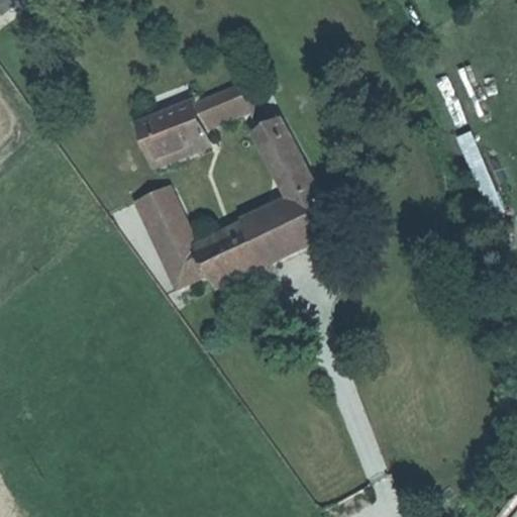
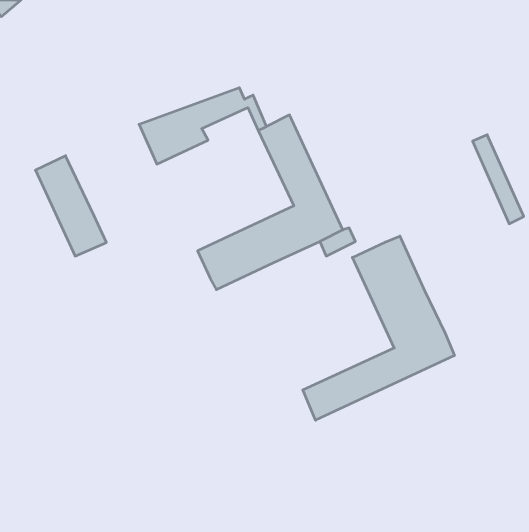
building: [134,187,203,284] -> [35,156,106,256]
building: none -> [303,236,454,420]

